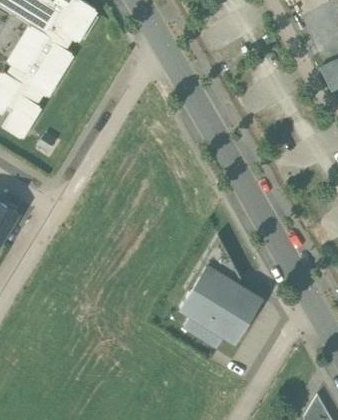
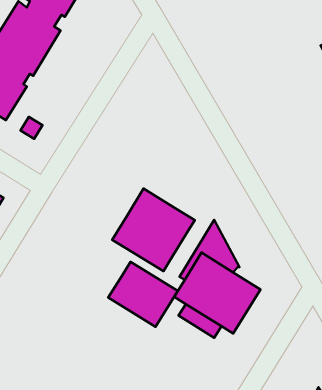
building: none -> [112,189,195,271]
building: none -> [108,262,178,327]

